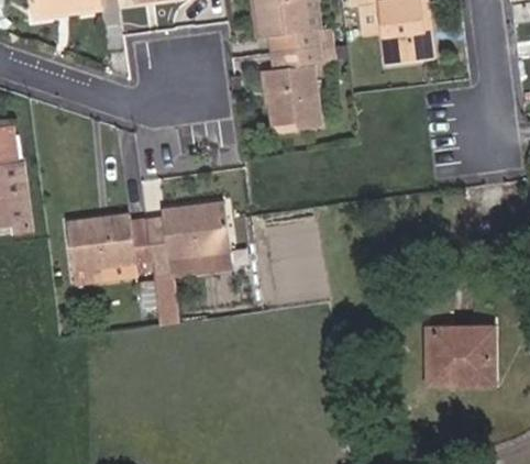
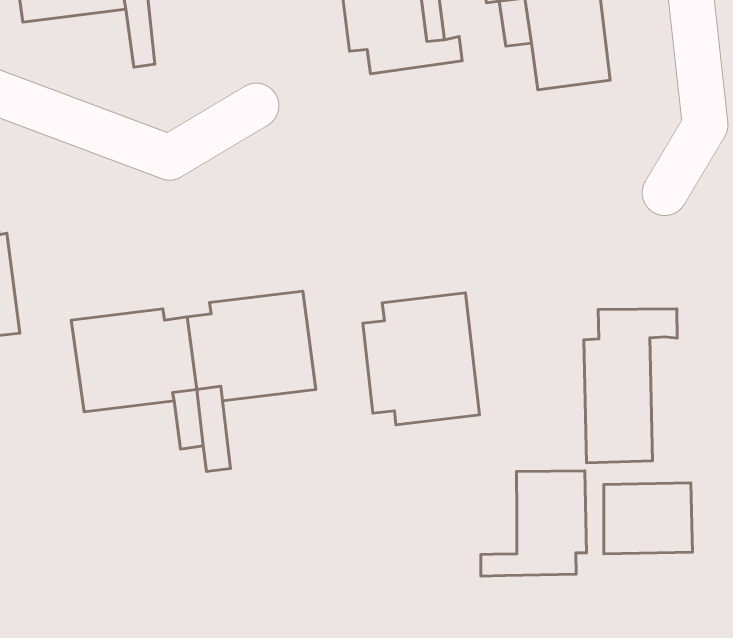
building: [264,44,335,132] -> none
building: none -> [363,293,479,425]
building: none -> [584,309,677,463]
building: none -> [481,471,587,576]

